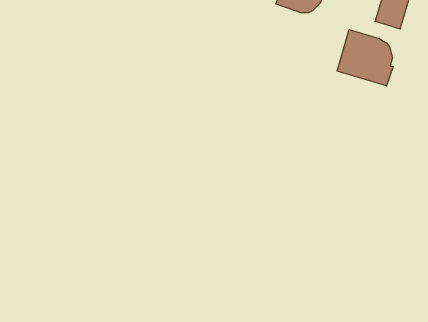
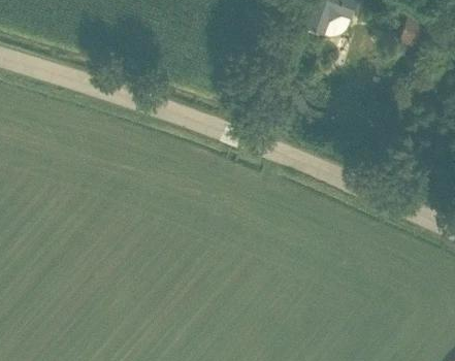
building: [337,30,393,86] -> none

